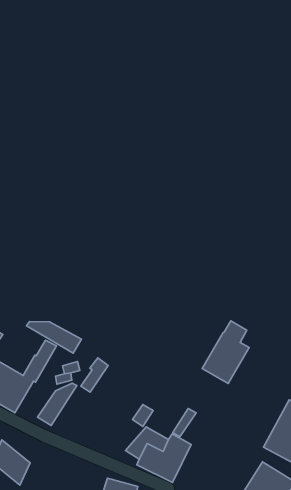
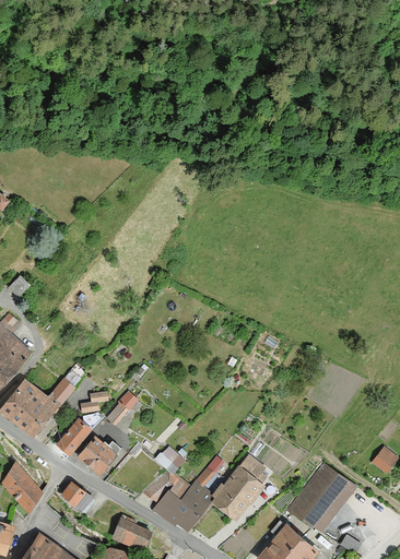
building: [202,321,249,384] -> [212,455,264,521]
building: [27,322,82,353] -> none
building: none -> [79,437,121,475]
building: none -> [62,483,93,511]

